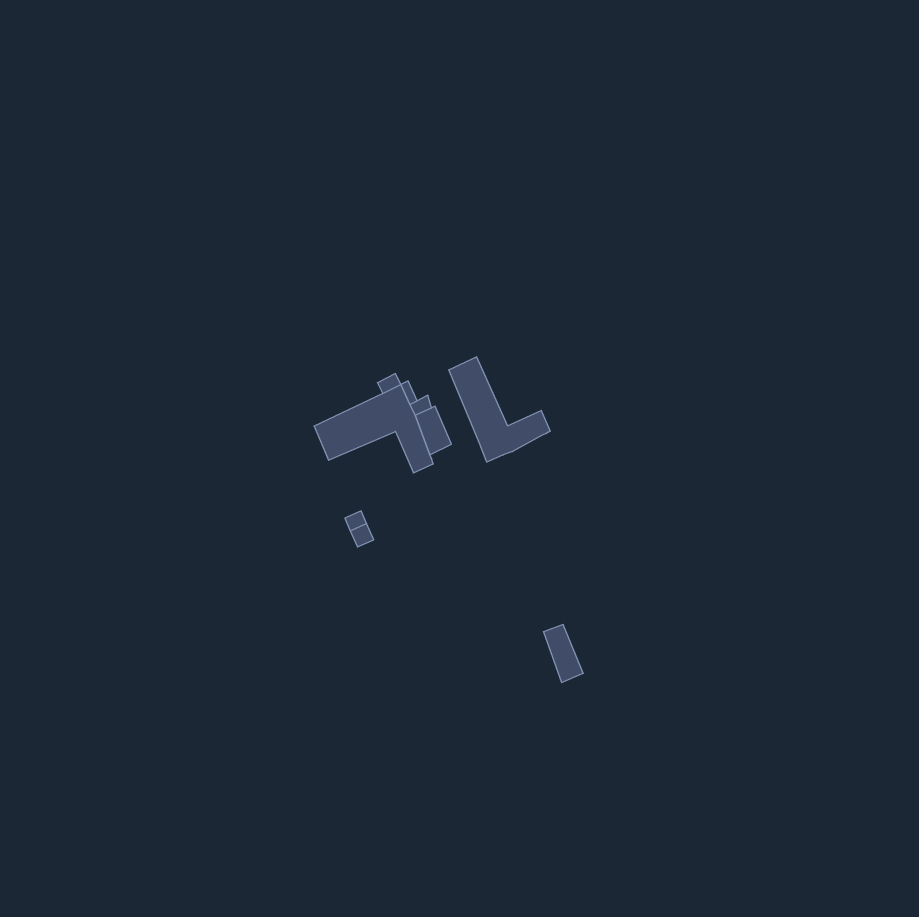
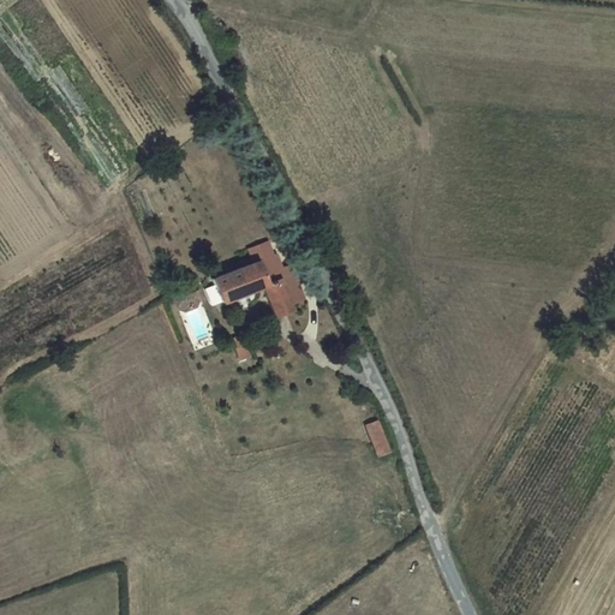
building: [449,357,550,462] -> none

